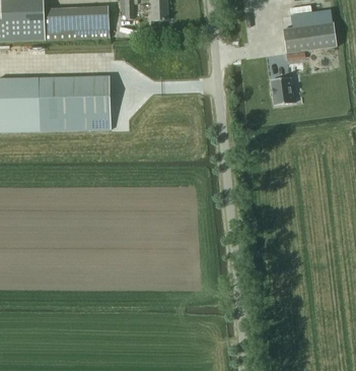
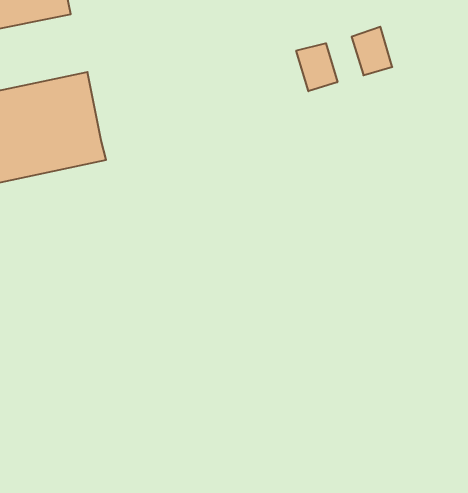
building: none -> [296,43,337,91]

